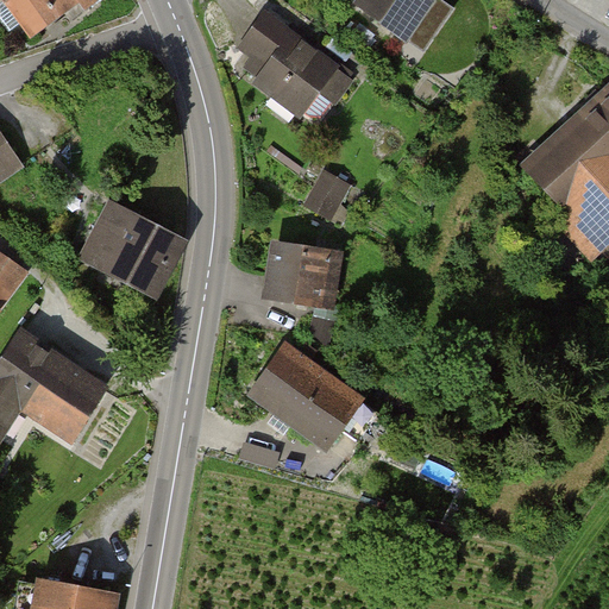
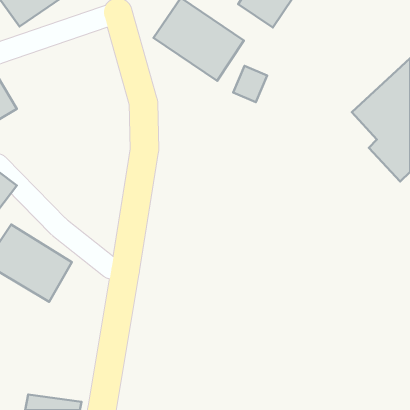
building: [301,161,351,214] -> [233,66,267,102]
building: [93,212,183,299] -> none
building: [263,236,347,308] -> none
building: [247,344,368,452] -> none

